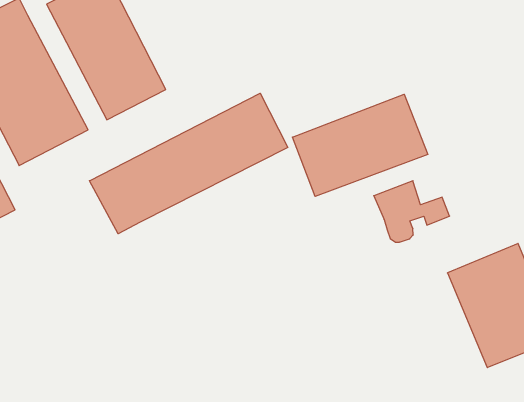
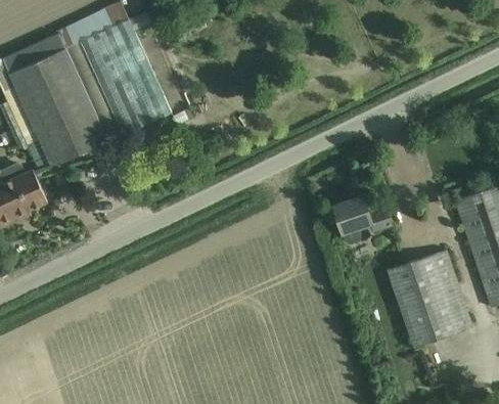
building: [89,93,288,234] -> none
building: [292,94,428,196] -> none

